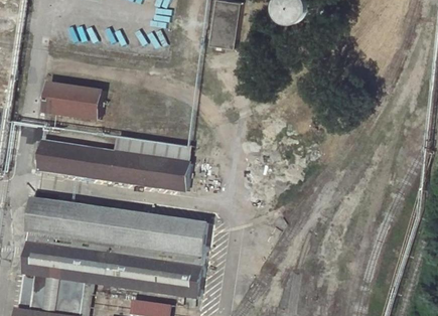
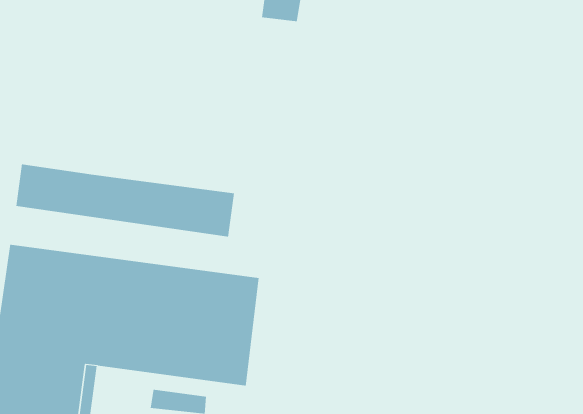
building: [42,85,98,121] -> none
building: [111,136,189,162] -> none

